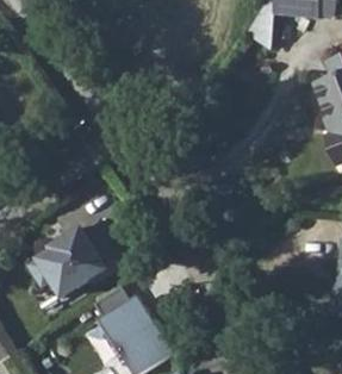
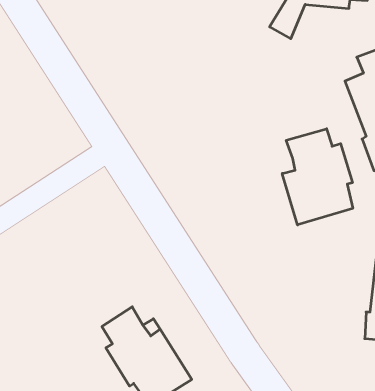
building: none -> [282,129,353,225]
building: [27,219,124,297] -> none

